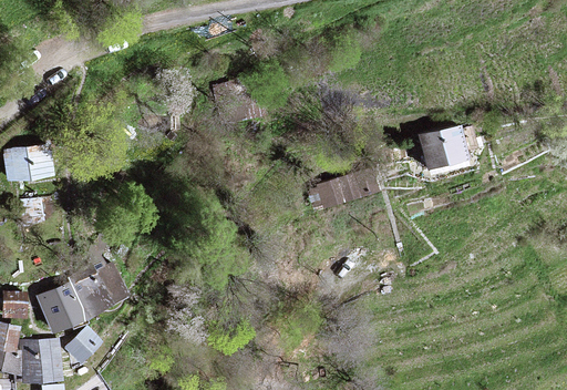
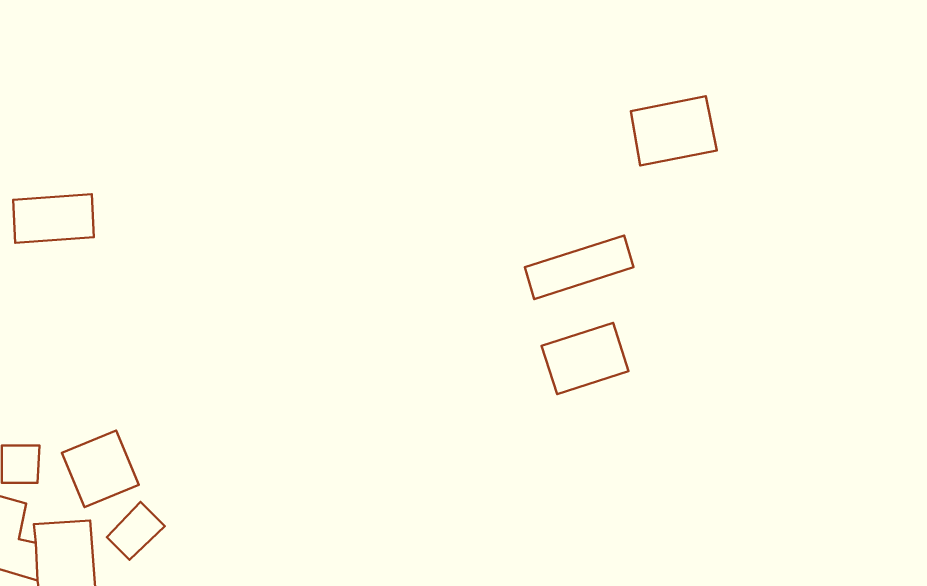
building: [421,122,472,163] -> [631,96,717,165]
building: none -> [542,323,629,394]
building: [71,266,123,319] -> none

